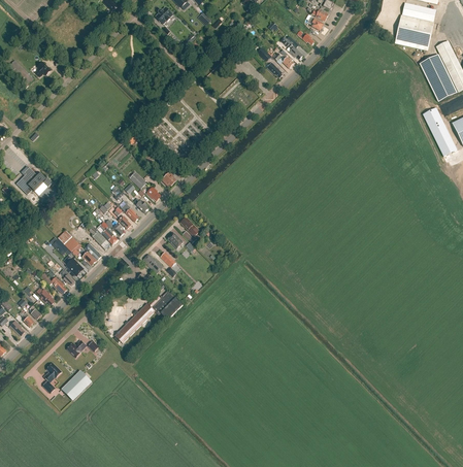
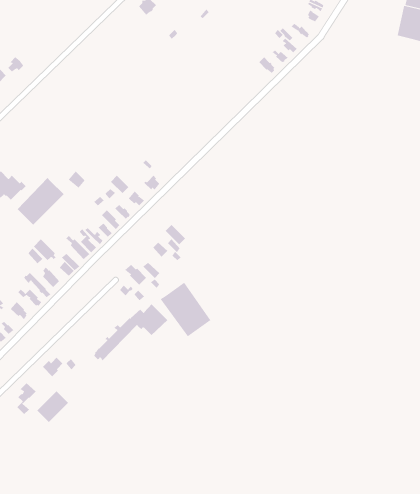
building: none -> [17,177,64,226]
building: none -> [160,282,211,337]

